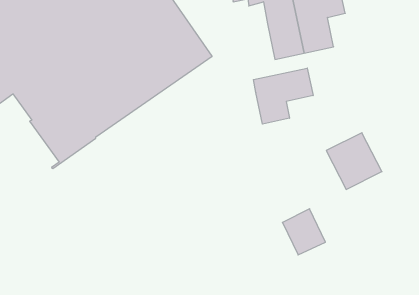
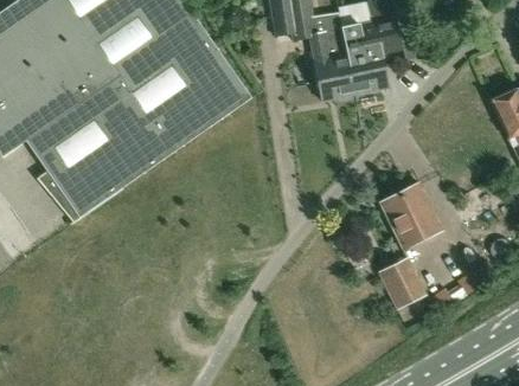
building: [253,68,313,124] -> none
building: [282,209,325,255] -> [377,256,425,308]

